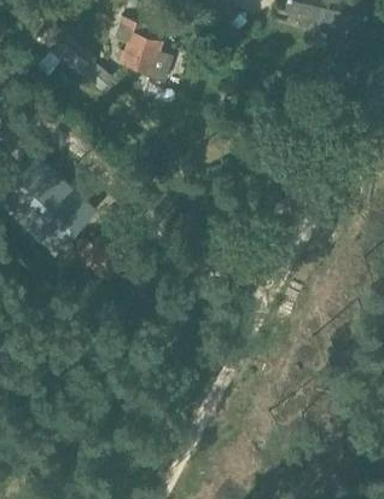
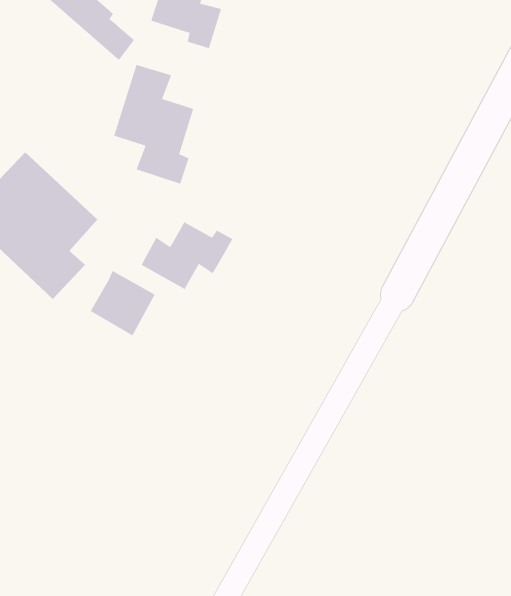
building: none -> [114,64,194,184]
building: none -> [141,221,233,290]

